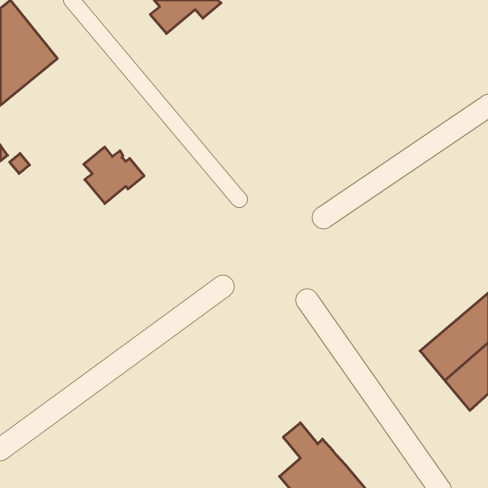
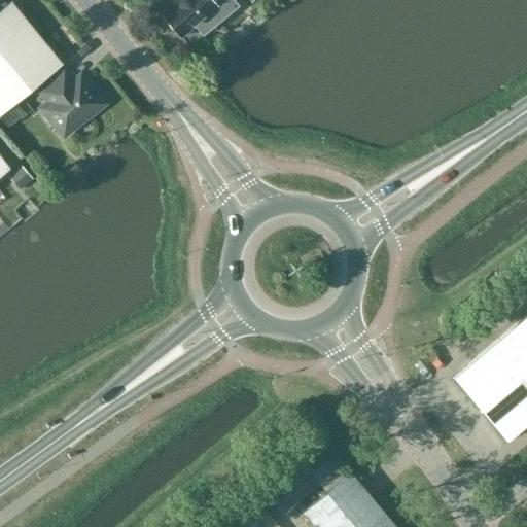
building: [84,147,144,204] -> [42,74,107,135]

